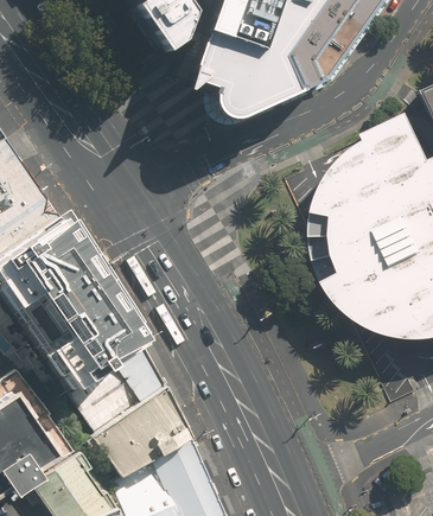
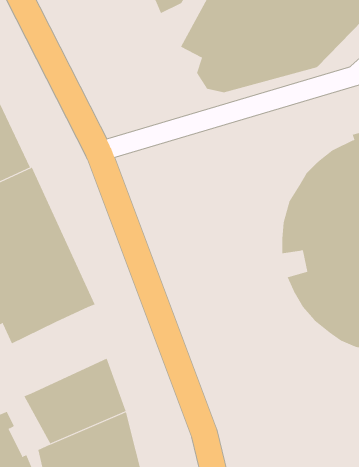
building: [72,342,166,432] -> none

